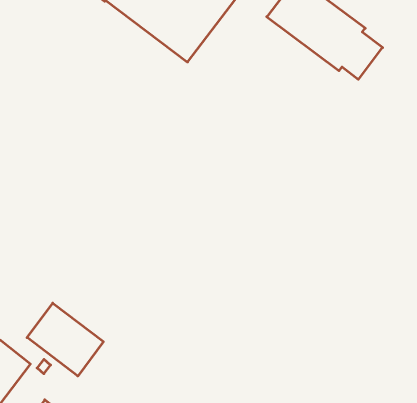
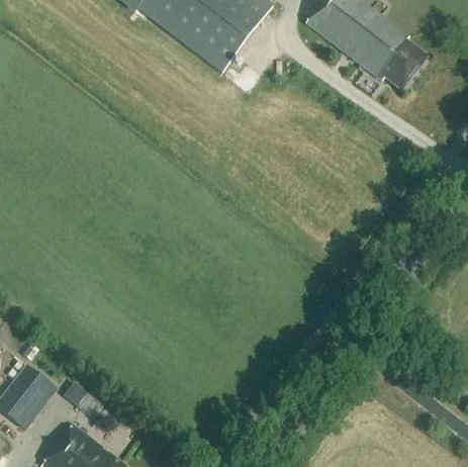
building: [27,303,103,376] -> none

